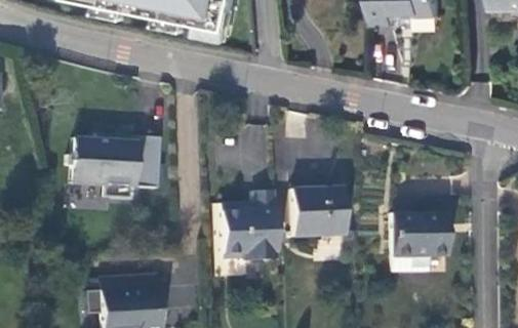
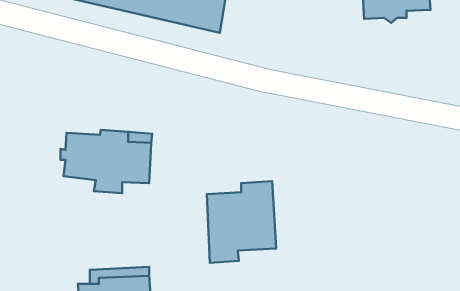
building: [294,184,348,235] -> none
building: [393,209,448,271] -> none

